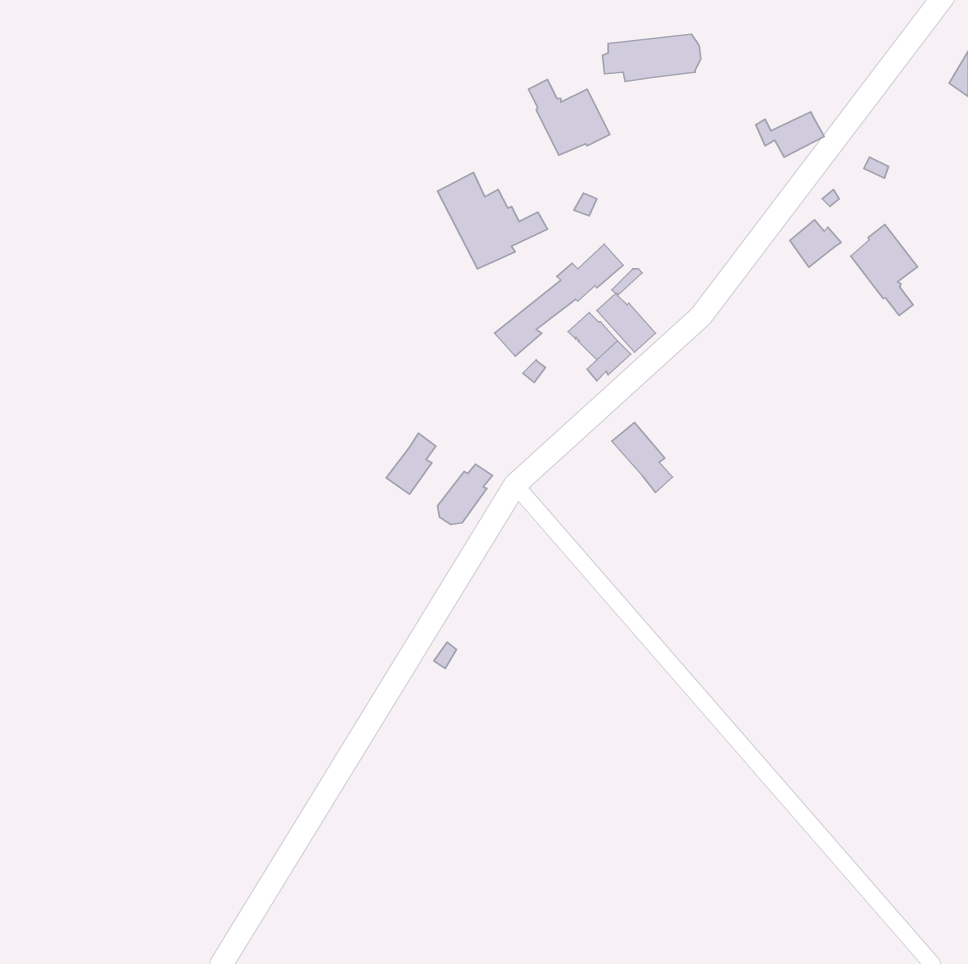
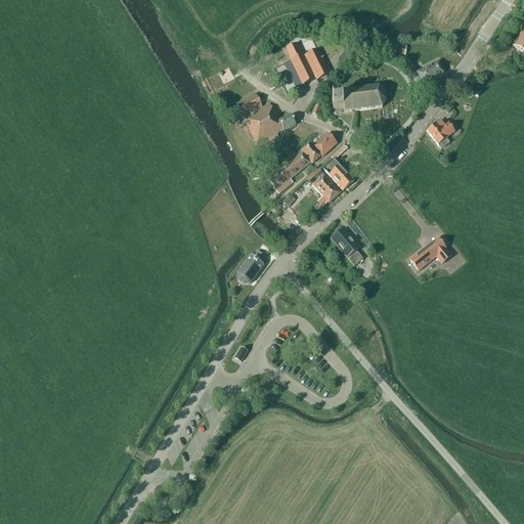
building: [602,34,701,82] -> [332,86,385,112]
building: [851,224,917,316] -> none
building: [386,433,436,494] -> none
building: none -> [409,235,444,270]

